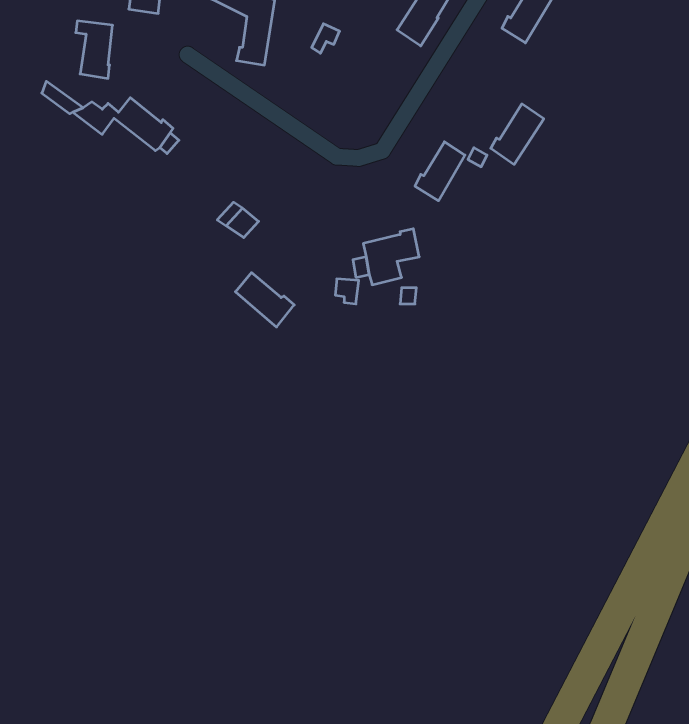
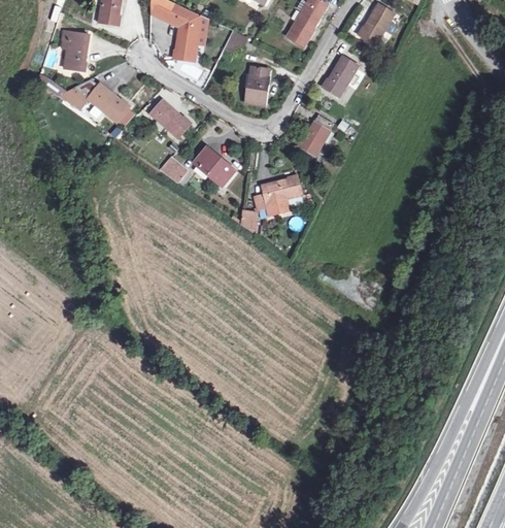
building: none -> [246,67,267,105]
building: [491,104,544,164] -> [322,55,359,97]
building: none -> [150,99,191,137]
building: [235,273,294,327] -> [195,147,236,186]

